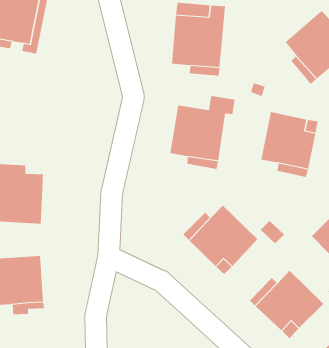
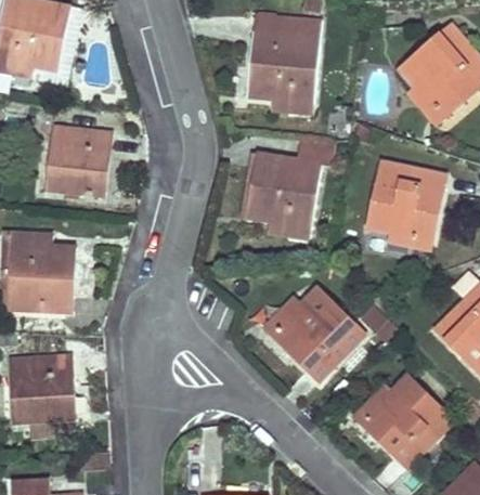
building: none -> [44,127,112,196]

